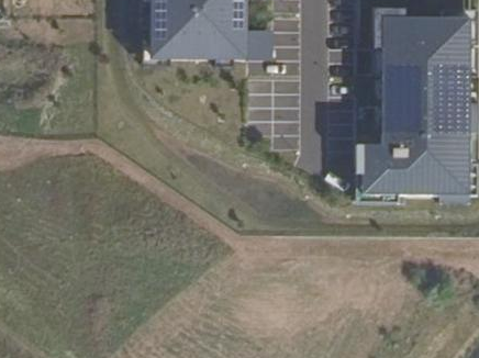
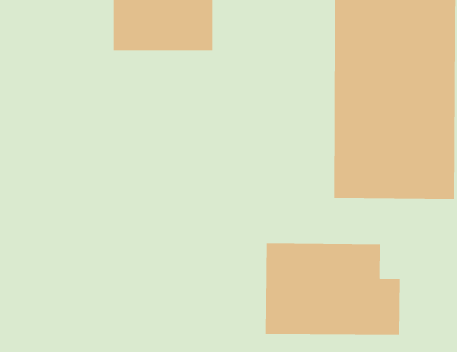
building: none -> [265,243,400,336]

